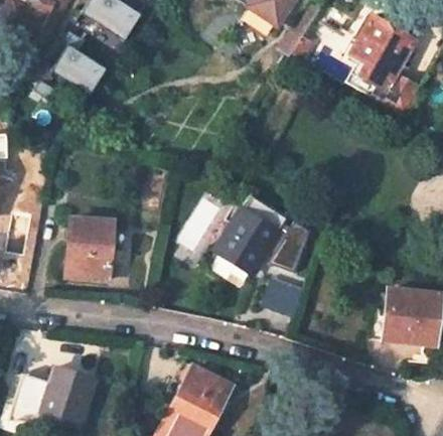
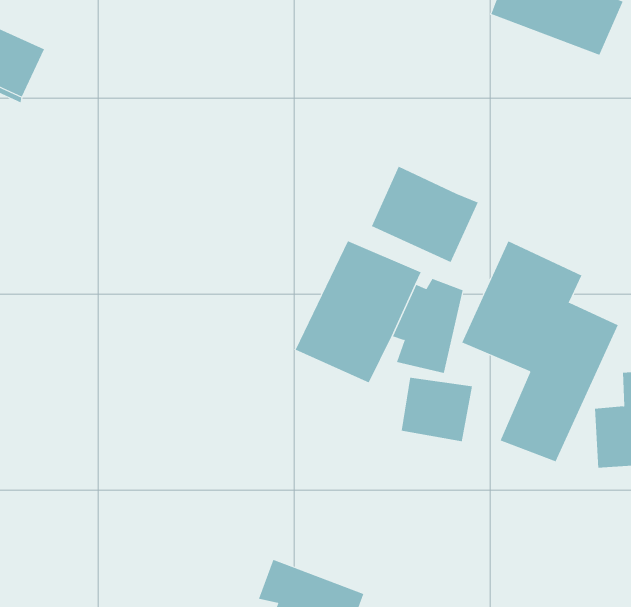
building: none -> [371,166,478,263]
building: none -> [462,241,618,462]
building: [55,216,112,279] -> none

